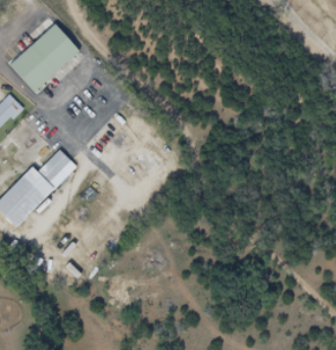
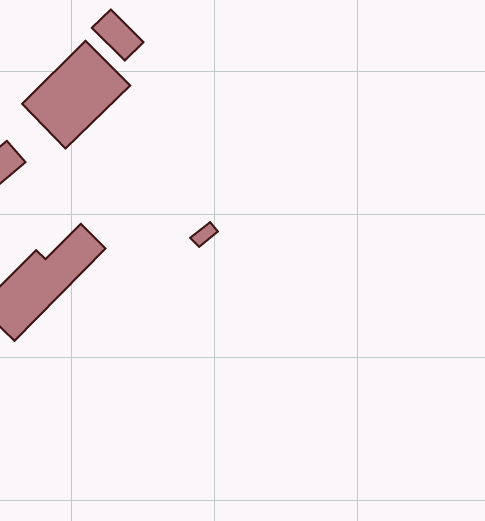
building: none -> [92,9,144,61]

